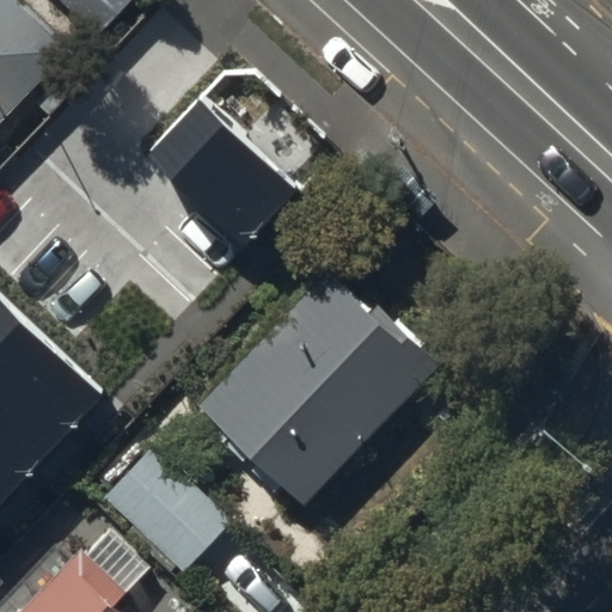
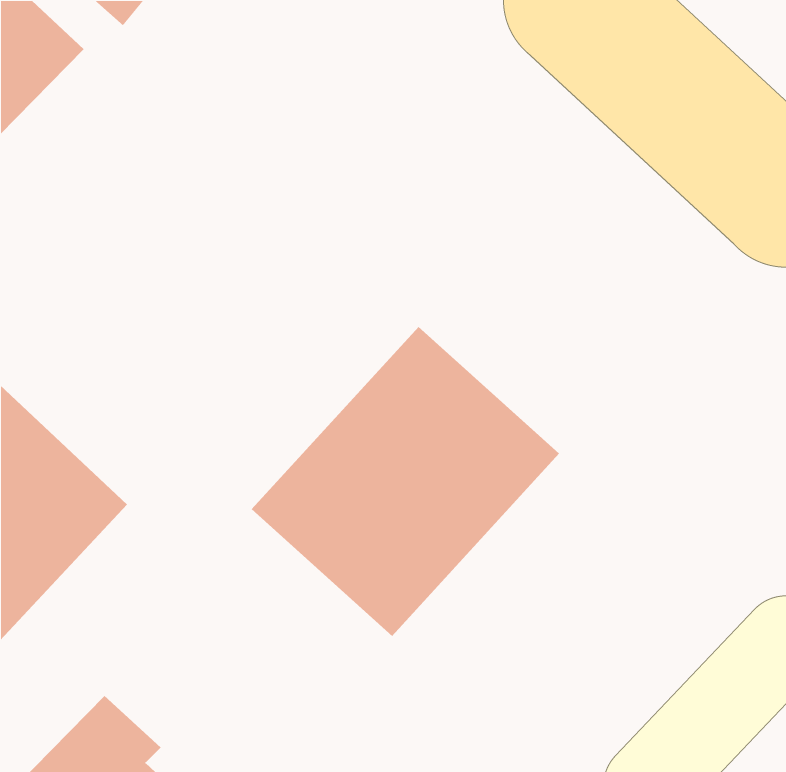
building: [152,108,300,252] -> none
building: [104,441,232,576] -> none

